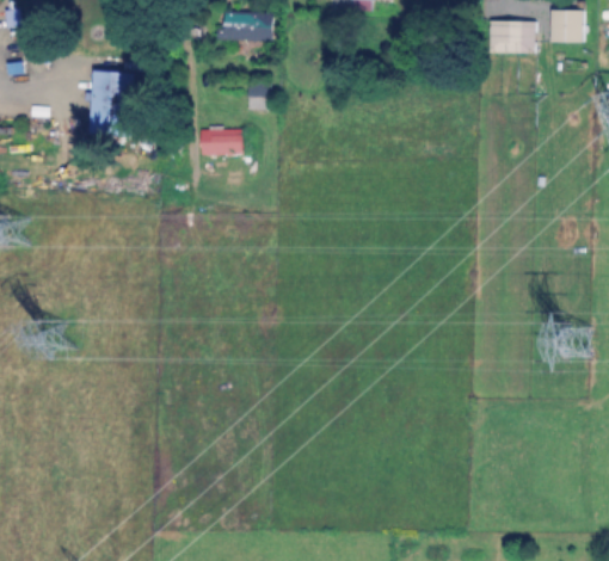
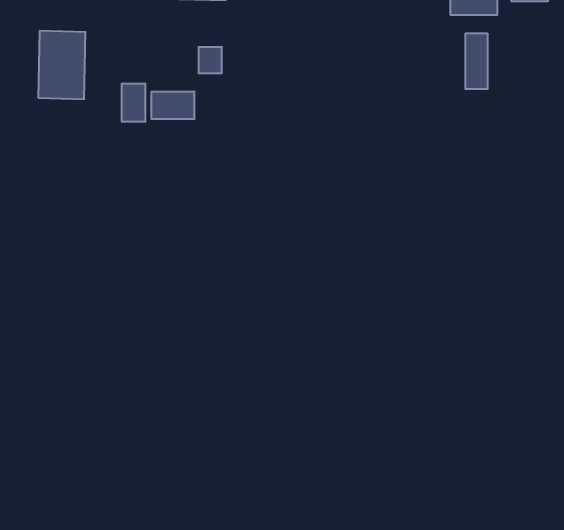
building: none -> [466,33,487,89]
building: none -> [122,83,145,122]

